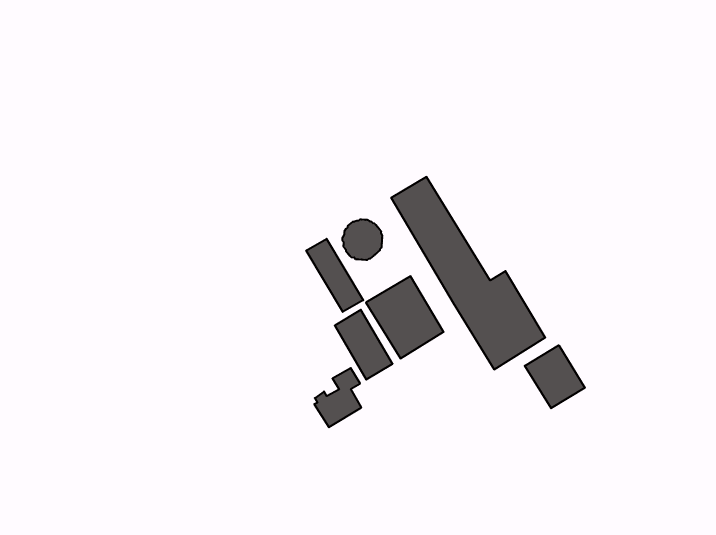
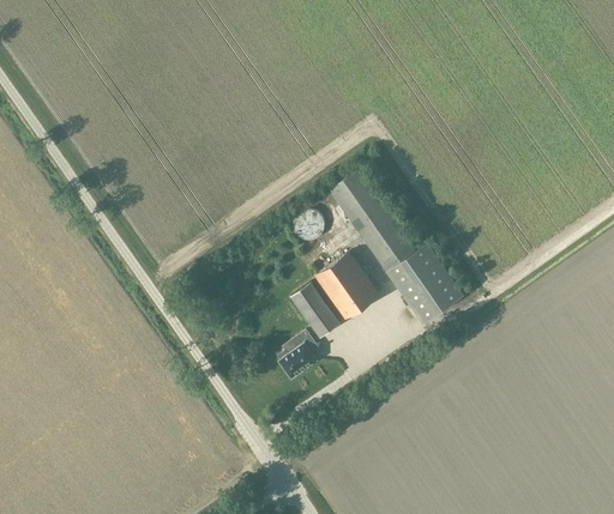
building: [306,239,363,312] -> none
building: [525,345,585,408] -> none

